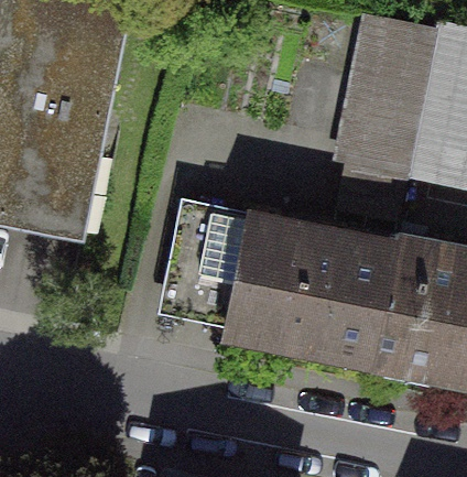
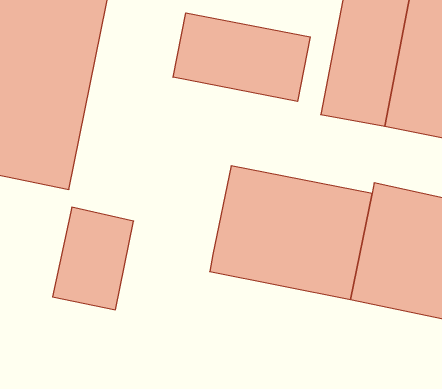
building: none -> [173,13,310,101]
building: [165,205,249,311] -> [53,207,134,310]

